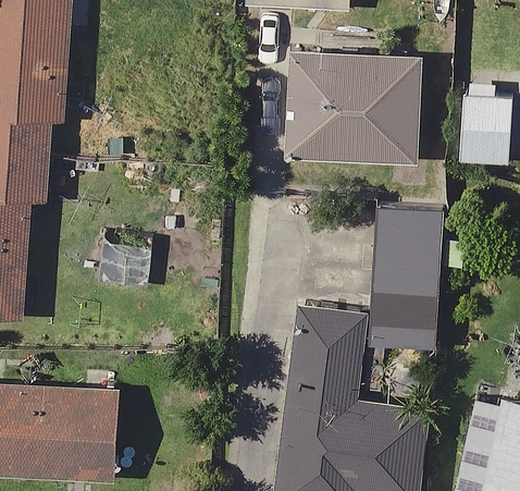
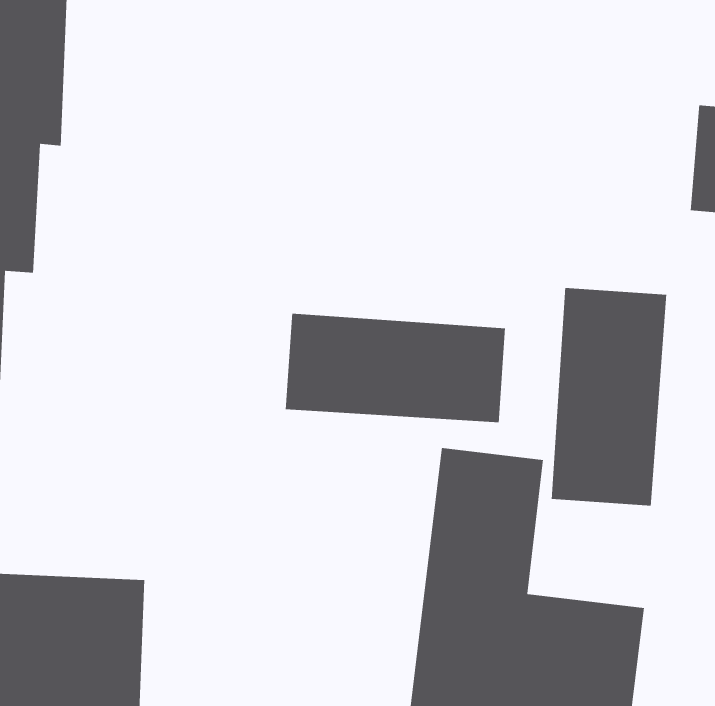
building: [286,46,418,161] -> none
building: none -> [285,313,506,423]

